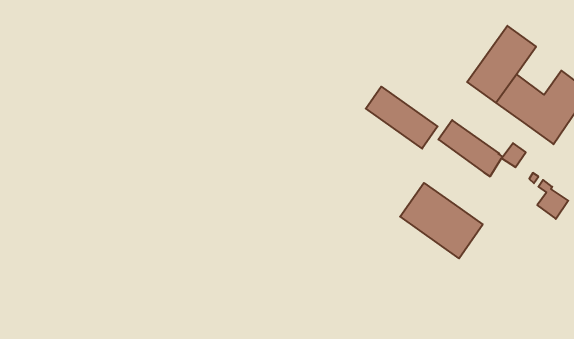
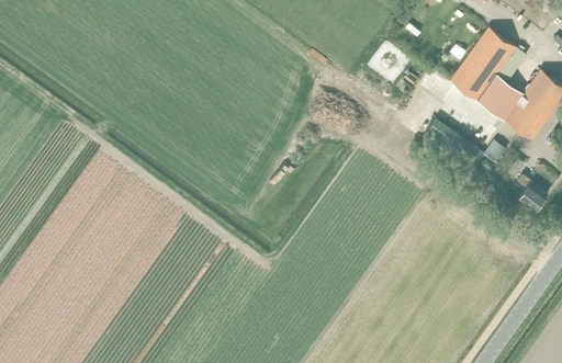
building: [366,87,438,149] -> none
building: [400,183,483,258] -> none

